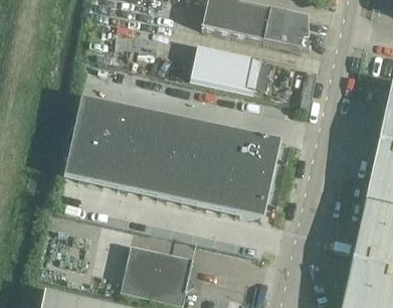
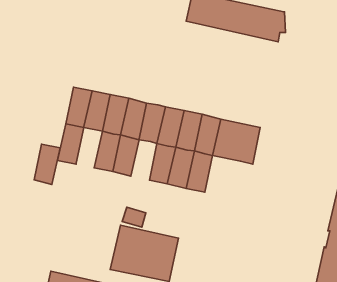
building: [191,45,271,91] -> none
building: [83,139,112,182] -> [34,144,60,185]
building: [142,152,170,195] -> none
building: [221,169,272,217] -> none

